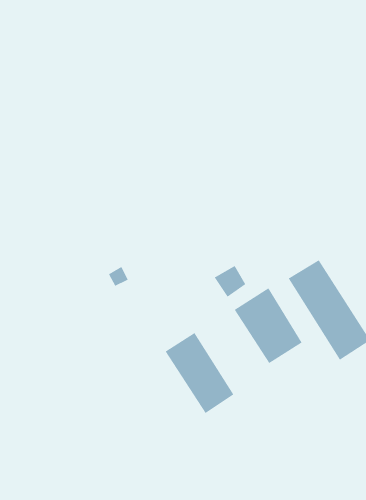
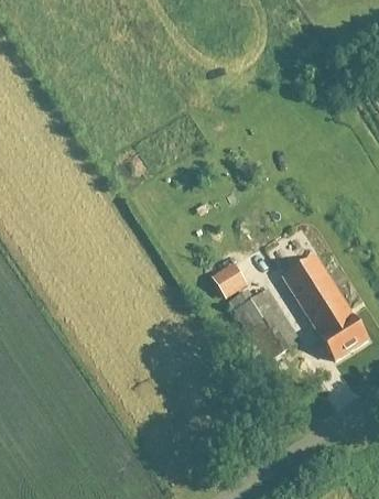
building: [165,332,234,414] -> none

